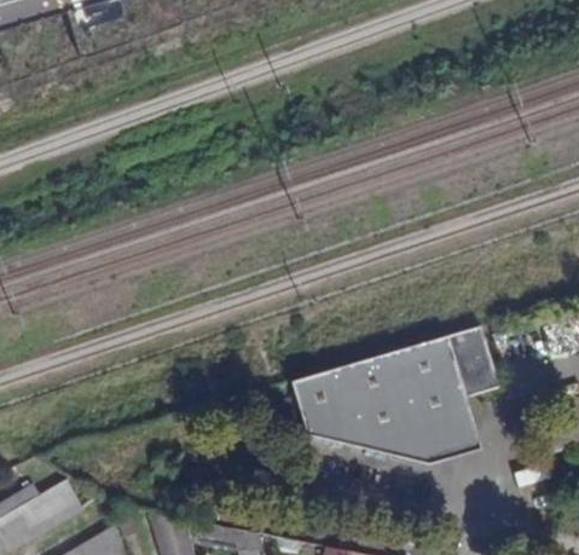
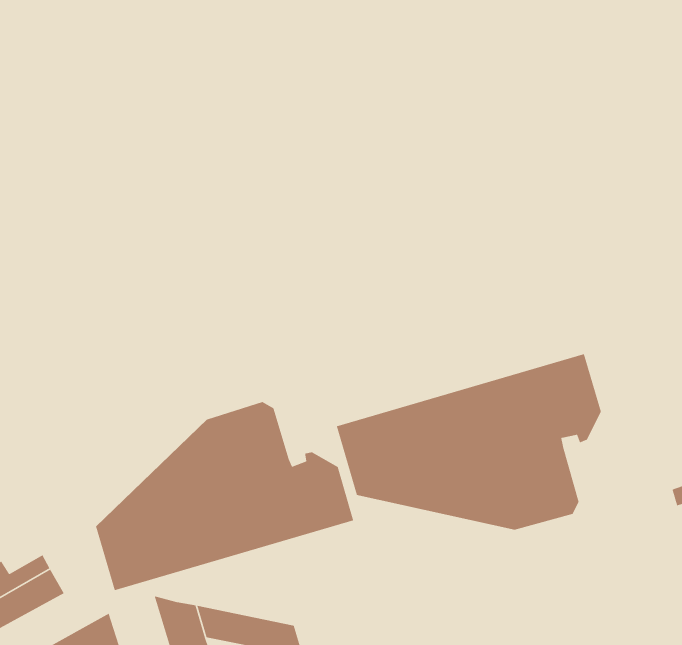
building: none -> [95,401,354,591]

